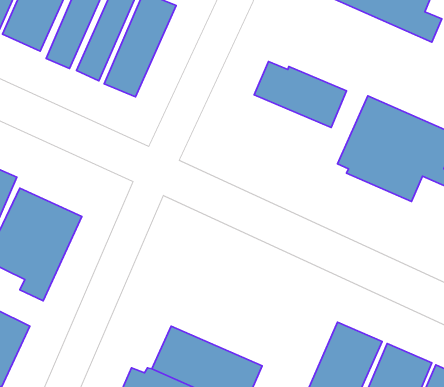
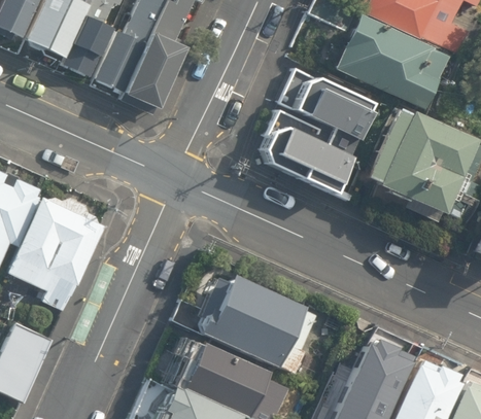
building: none -> [333,13,446,105]
building: none -> [262,110,357,194]
building: none -> [196,277,315,370]

